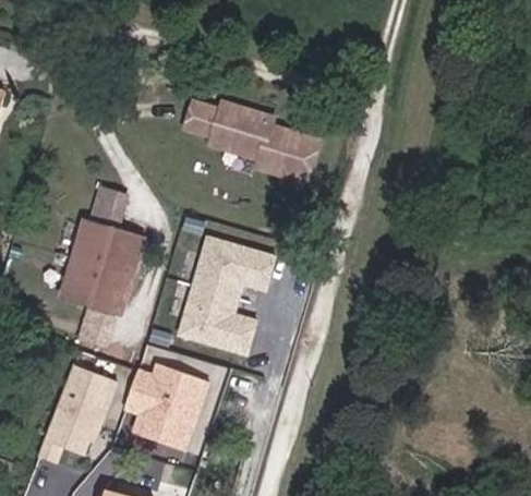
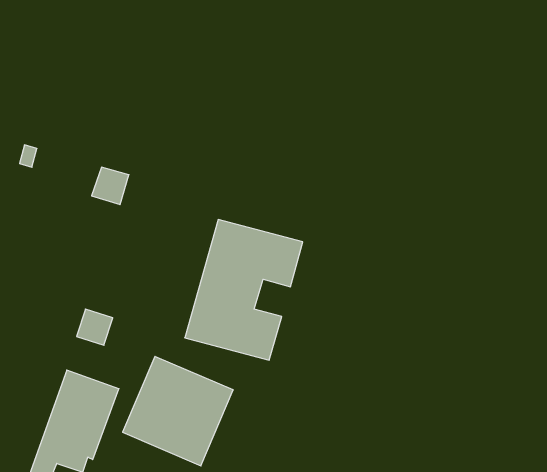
building: [183,100,318,181] -> none
building: [61,220,143,312] -> none

